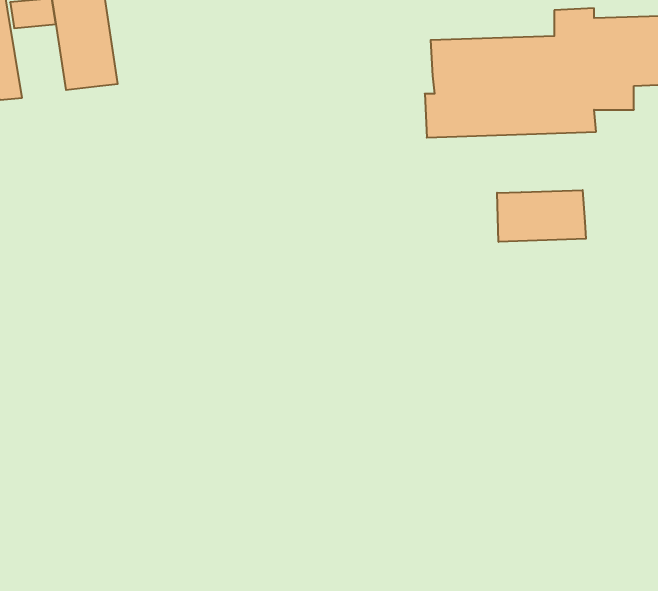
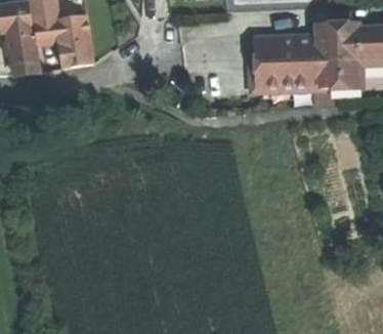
building: [497,190,586,242] -> none

